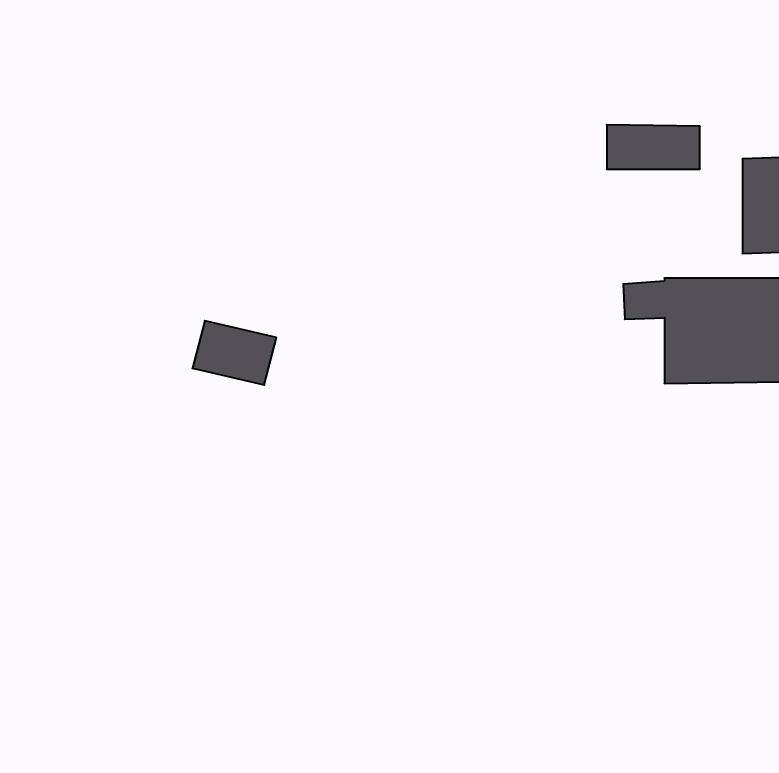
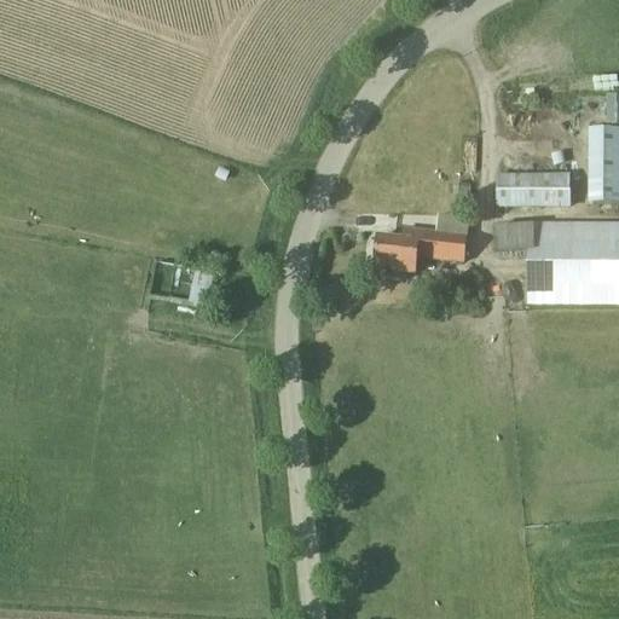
building: [607,125,700,169] -> [497,170,571,206]
building: none -> [375,212,470,270]

